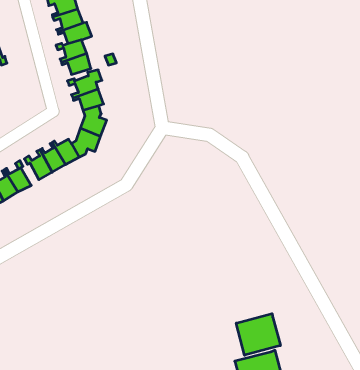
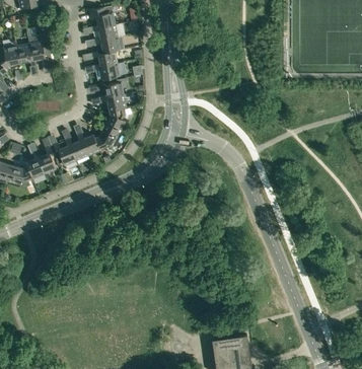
building: [236,314,280,355] -> none

